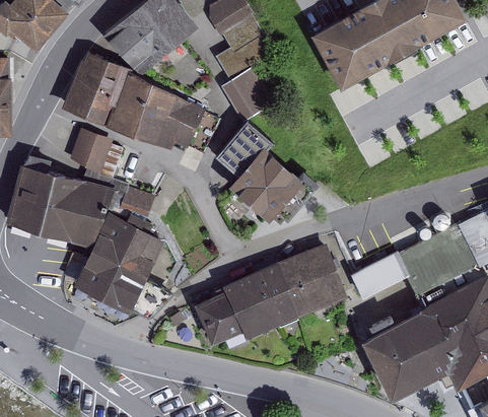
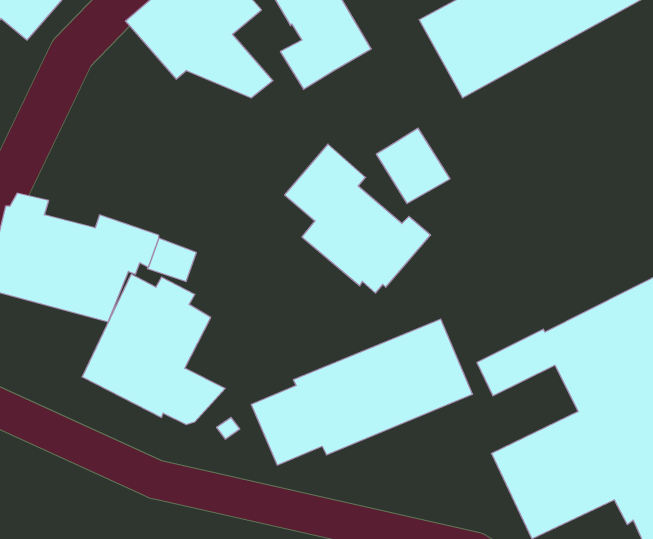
building: [61,53,220,155] -> none
building: [221,70,273,123] -> [376,128,450,203]
building: [70,130,113,175] -> none

